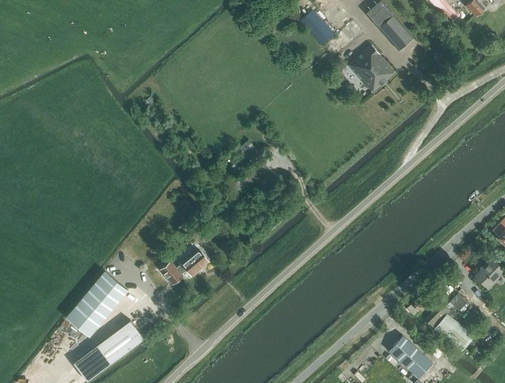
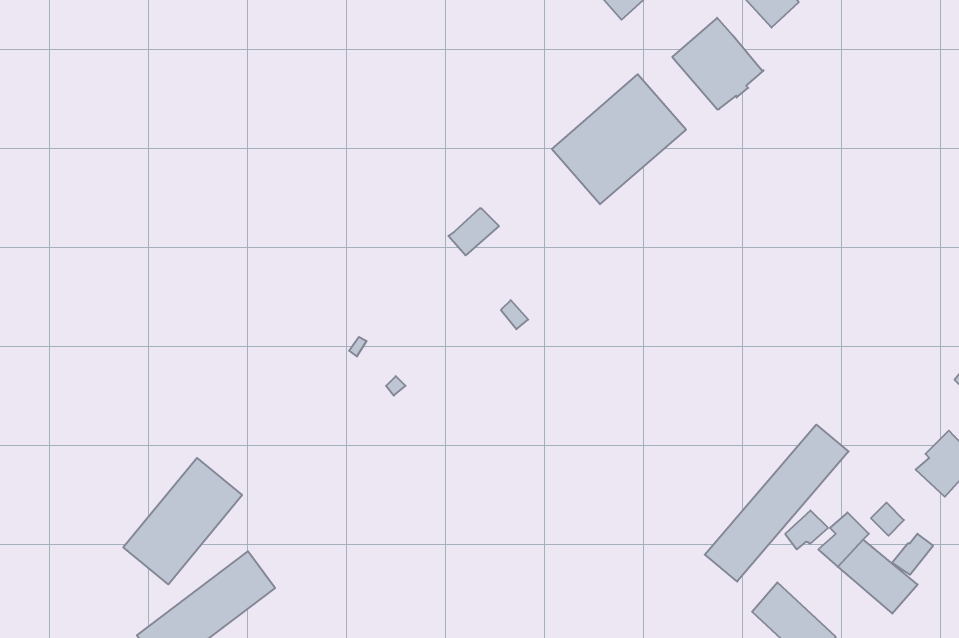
building: none -> [552,74,686,204]
building: [161,248,209,284] -> none
building: none -> [705,425,849,582]

